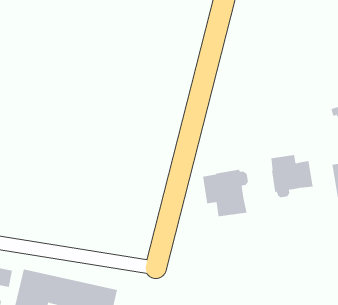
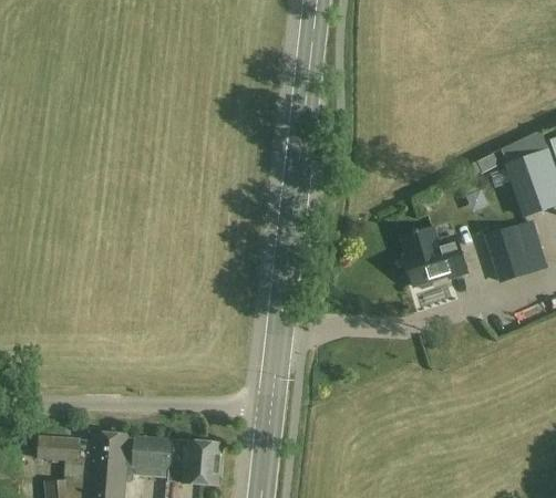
building: [202,169,248,217] -> none

